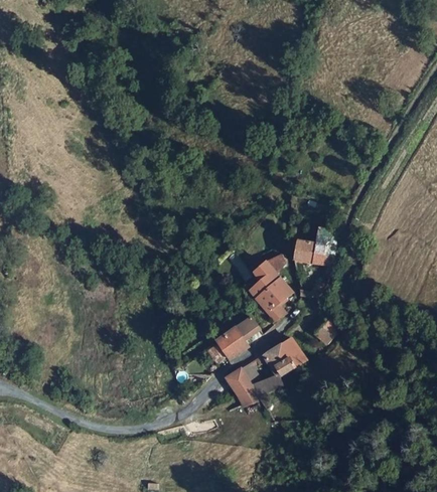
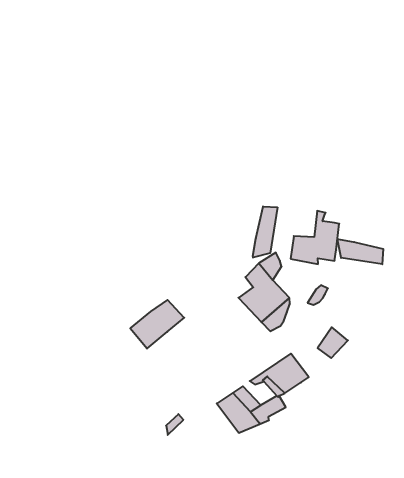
building: none -> [253,206,277,258]
building: none -> [337,239,383,264]
building: [214,320,261,360] -> [130,300,184,349]

